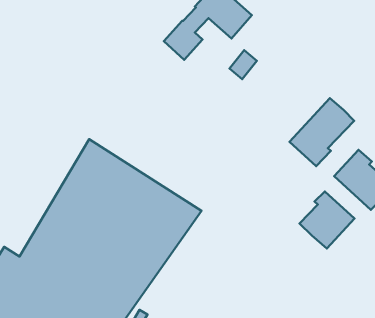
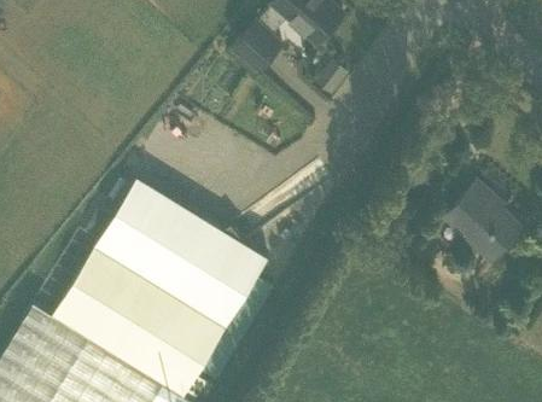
building: [290,98,354,166] -> none
building: [300,191,354,248] -> none

